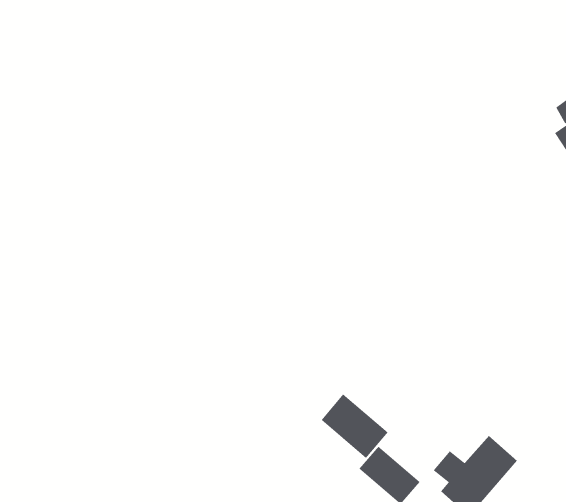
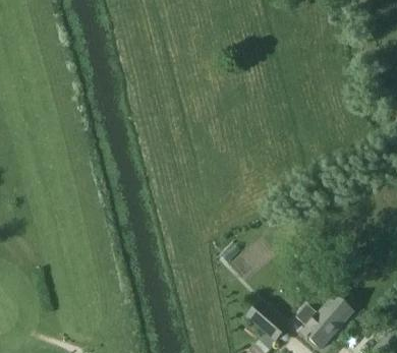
building: [321,394,388,459] -> none

